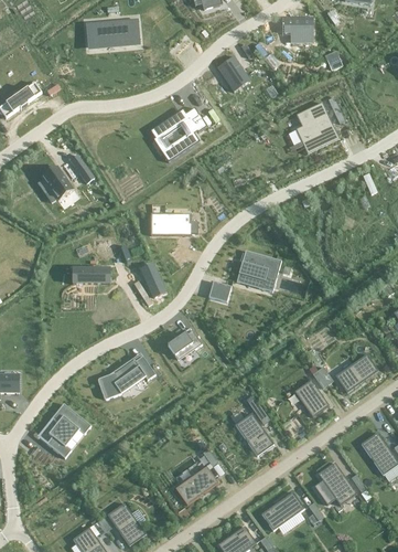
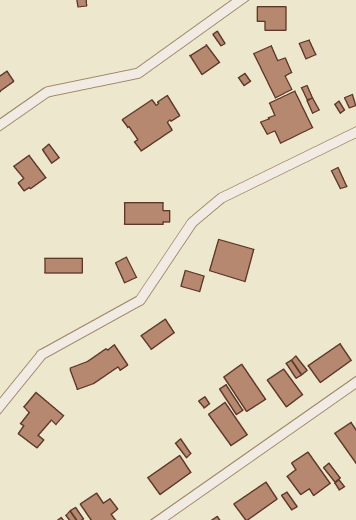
building: [89,19,135,44] -> none
building: none -> [254,46,292,98]
building: none -> [224,364,266,411]

